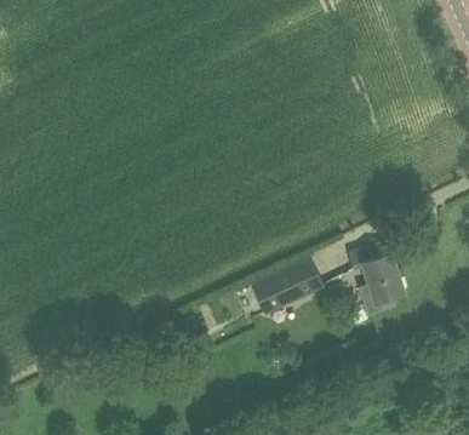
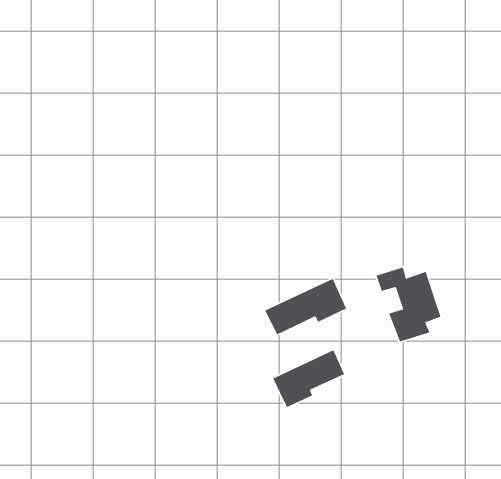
building: none -> [272,349,345,408]

